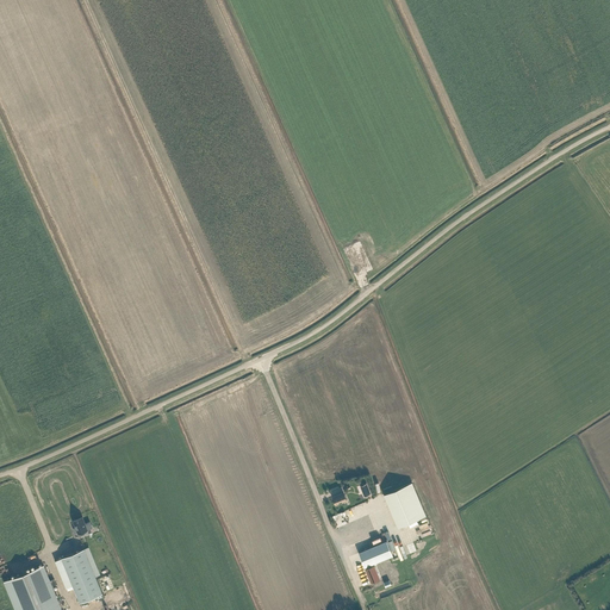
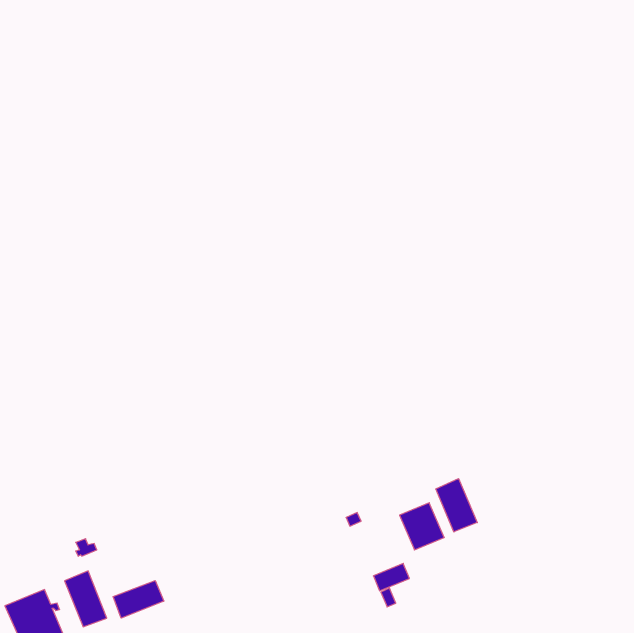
building: none -> [436,479,477,532]
building: none -> [113,581,164,618]

